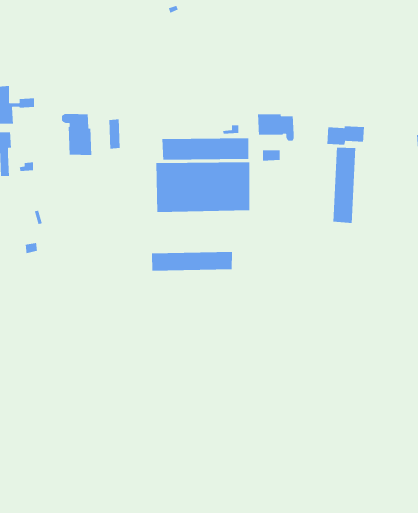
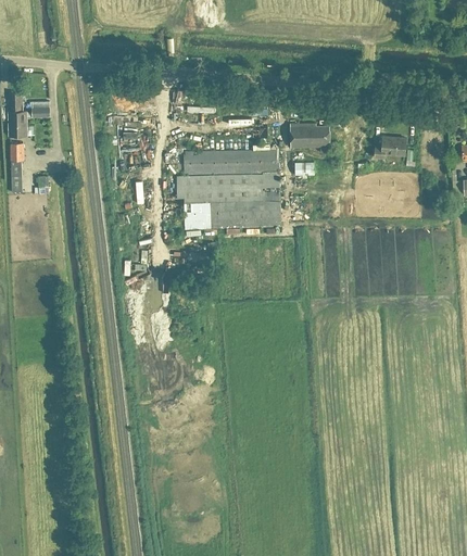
building: [61,113,92,156] -> none
building: [332,147,356,224] -> none
building: [151,251,233,272] -> none

